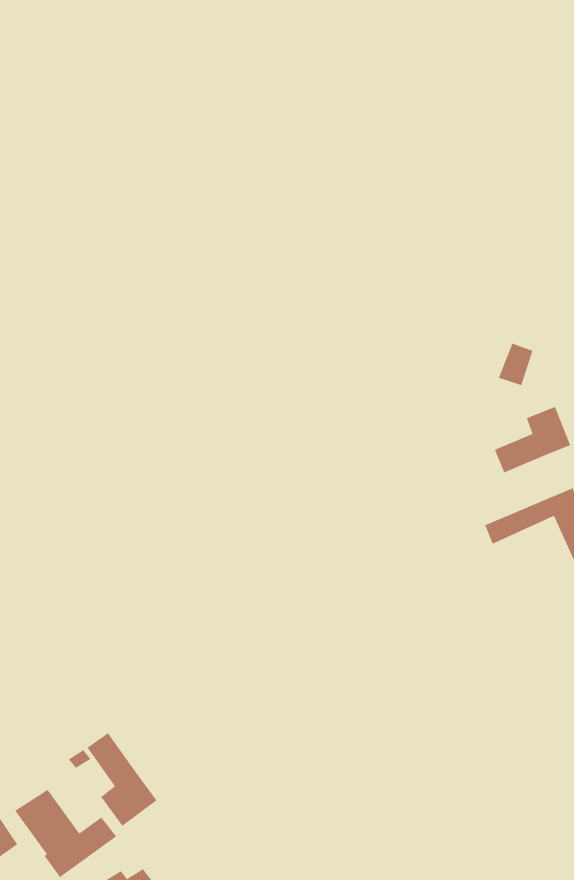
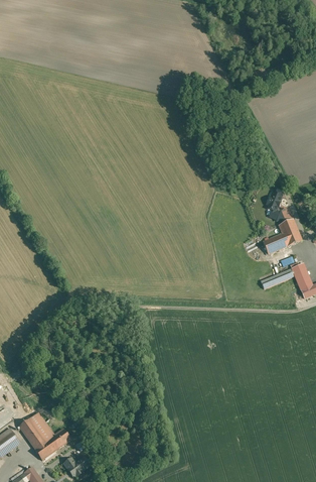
building: [86,732,158,827] -> none

